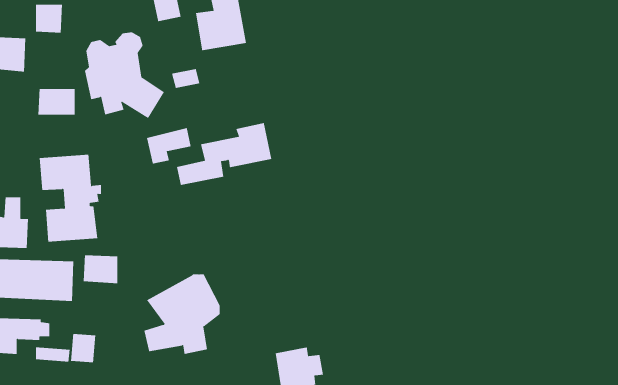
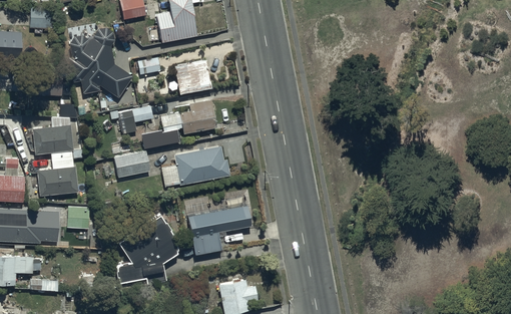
building: none -> [173,59,210,94]
building: none -> [173,144,230,185]
building: none -> [113,150,149,177]
building: none -> [187,204,252,254]
building: [71,333,96,363] -> none

